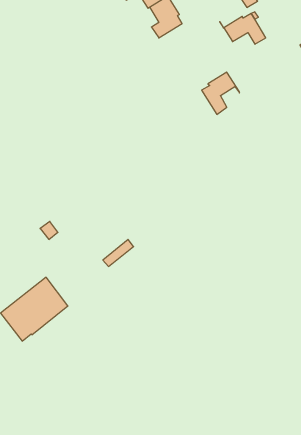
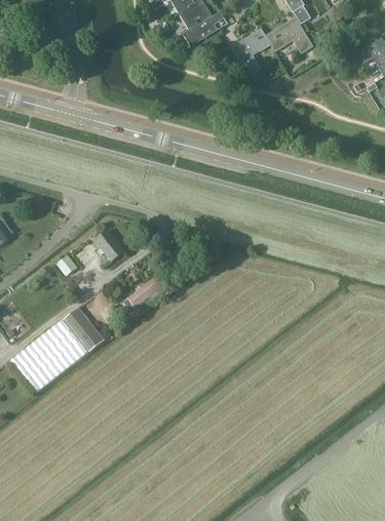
building: [202,72,239,114] -> [232,27,275,75]
building: none -> [93,229,123,260]
building: none -> [63,306,104,352]

